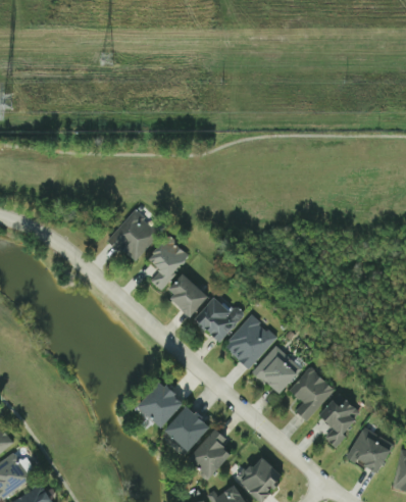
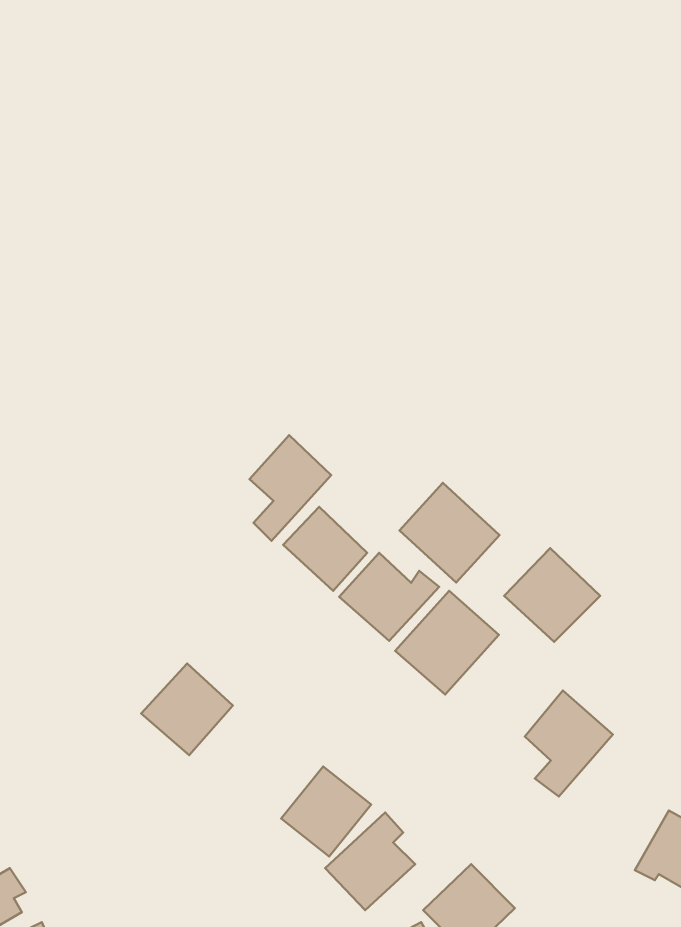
building: [108,210,160,261] -> none
building: none -> [399,483,499,583]
building: [252,346,301,394] -> [504,548,600,642]
building: [137,381,184,428] -> [141,663,233,755]
building: [319,399,362,446] -> none

